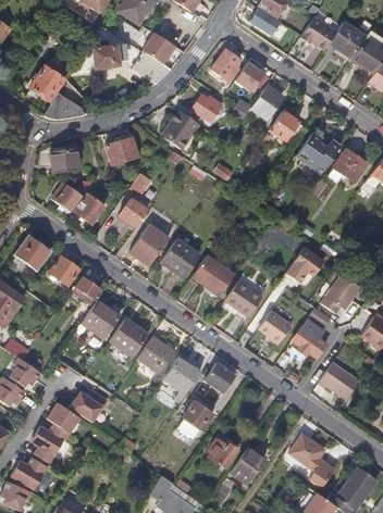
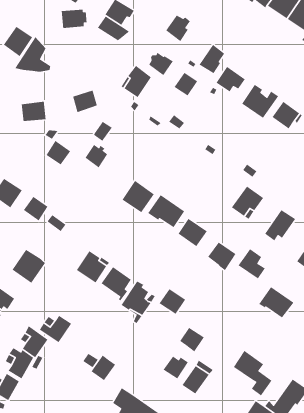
building: [235,62,263,90] -> [174,72,198,97]
building: [50,183,82,212] -> none
building: [131,224,169,264] -> none
building: [82,299,121,339] -> [12,249,46,284]
building: [184,401,213,430] -> [179,327,205,352]
building: none -> [91,355,116,381]

